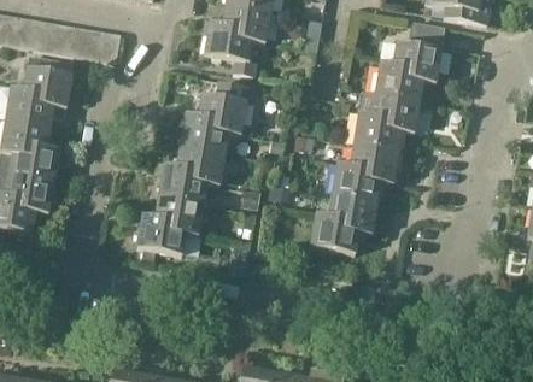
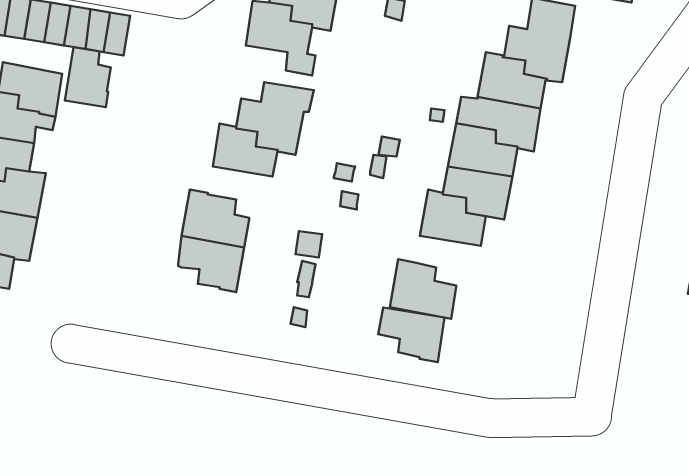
building: none -> [65,47,111,107]
building: [177,143,224,184] -> none
building: [328,194,376,234] -> [378,308,444,362]
building: [137,212,186,254] -> none

